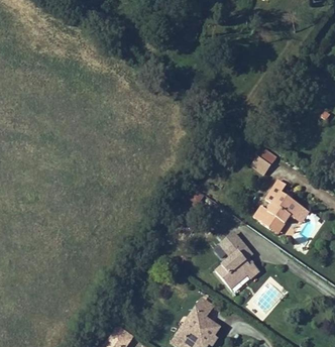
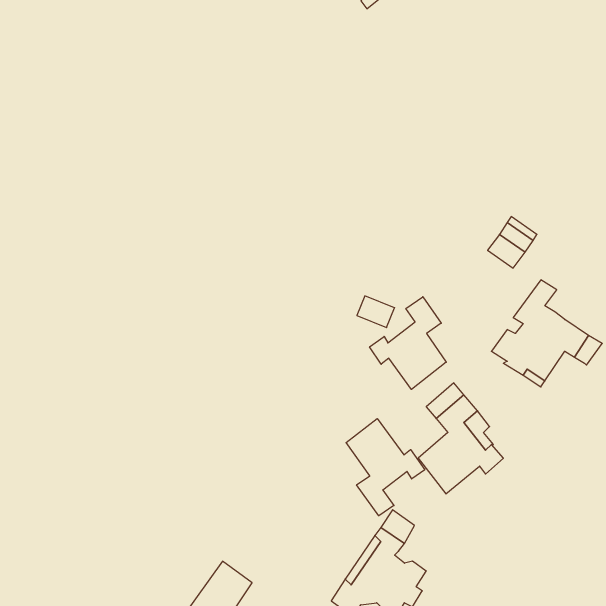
building: none -> [370,297,446,389]
building: none -> [346,419,425,516]

